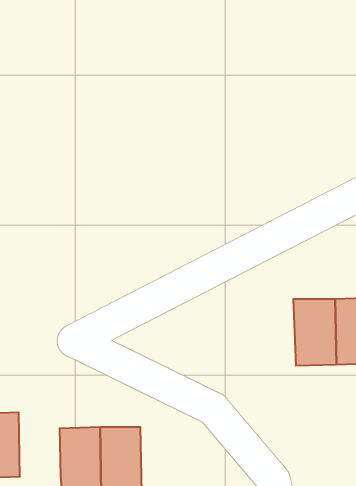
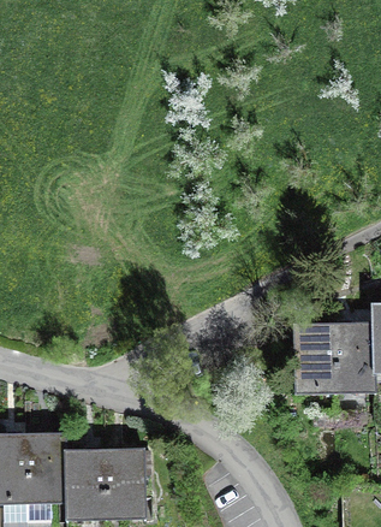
building: none -> [25,436,66,499]

